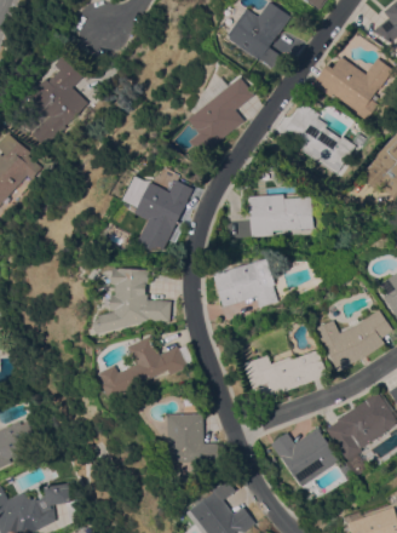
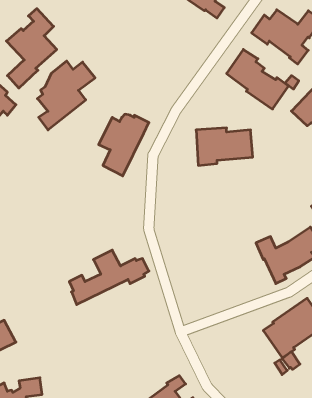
building: [188,75,254,155] -> [37,61,95,130]
building: [212,260,277,308] -> none
building: [94,268,171,333] -> none
building: [243,349,327,401] -> none
building: [168,413,218,463] -> none
building: [270,425,339,486] -> none

